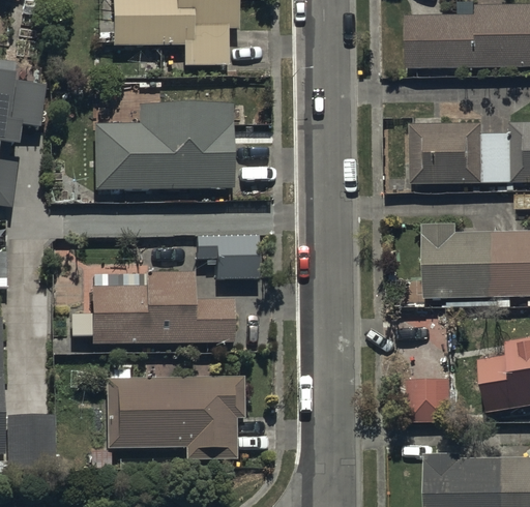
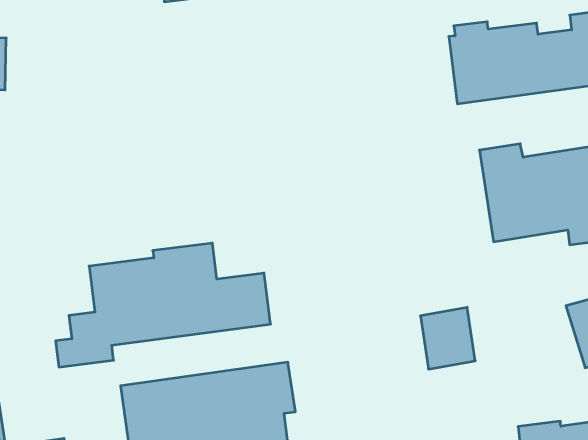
building: [93,103,234,190] -> none
building: [195,235,260,282] -> none
building: [411,377,451,423] -> [420,307,475,369]

